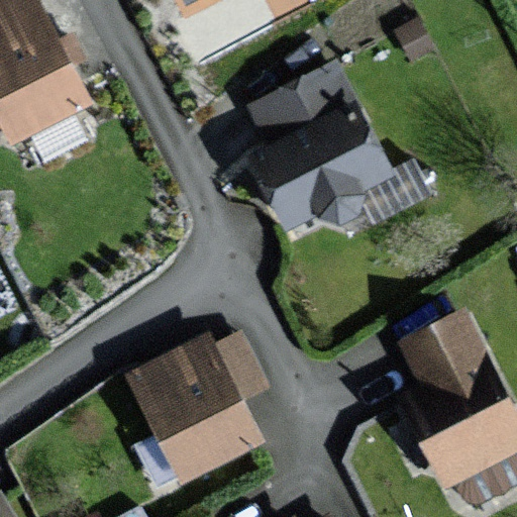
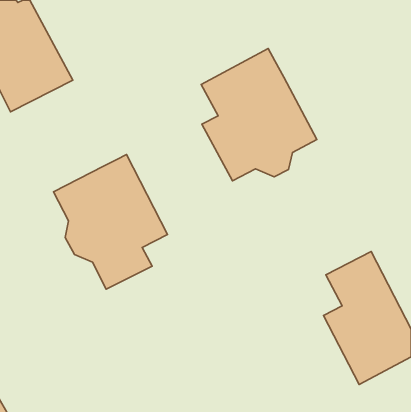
building: none -> [54,155,168,289]
building: [131,332,268,480] -> none

